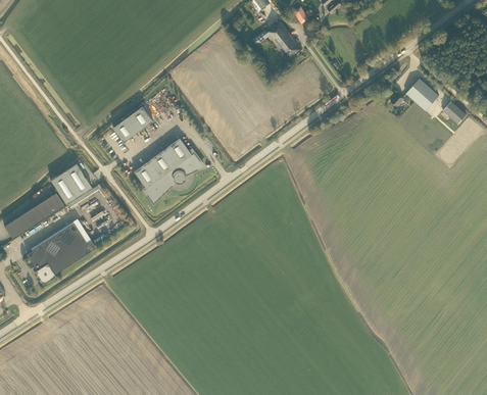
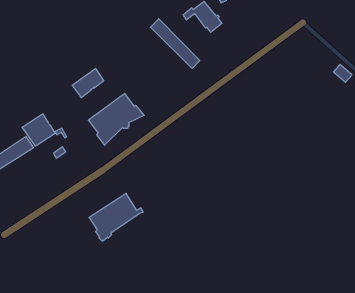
building: none -> [150,19,200,68]
building: [391,78,439,109] -> none
building: [27,223,95,283] -> [89,193,143,241]

